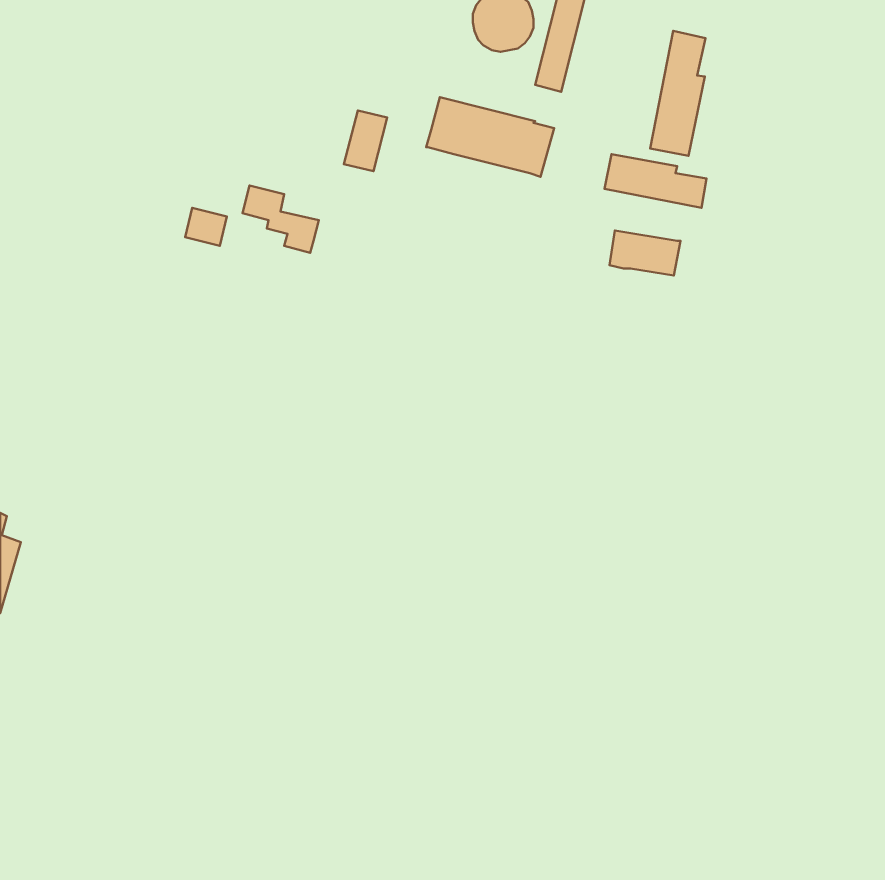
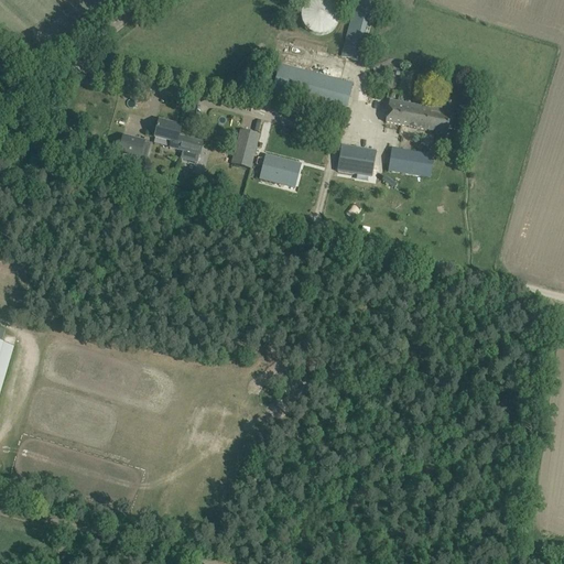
building: [650,31,705,156] -> none
building: [344,111,387,171] -> [231,128,259,166]
building: none -> [337,143,376,172]
building: none -> [259,152,299,182]

